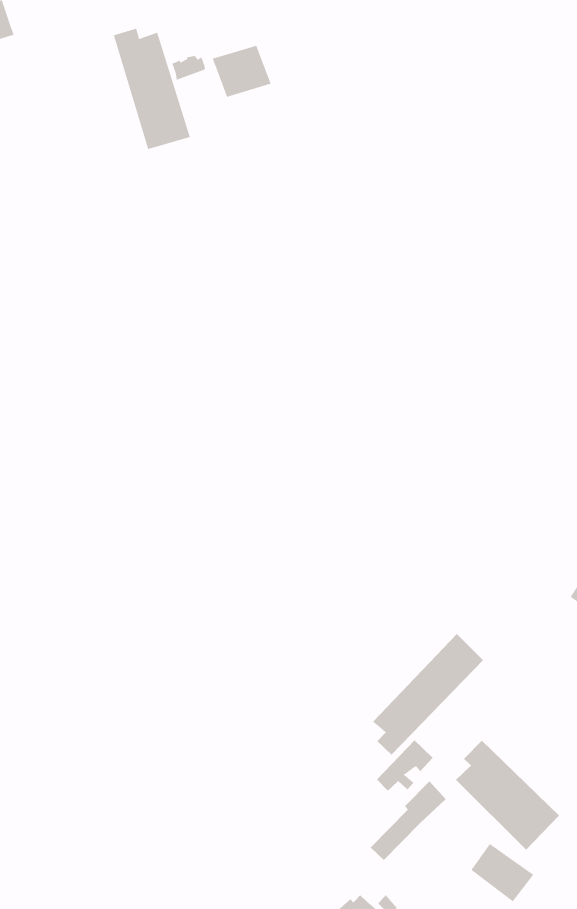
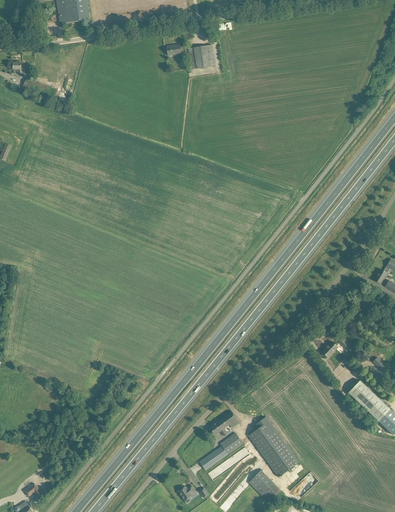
building: [113,28,191,150] -> none
building: [372,633,484,755] -> none

